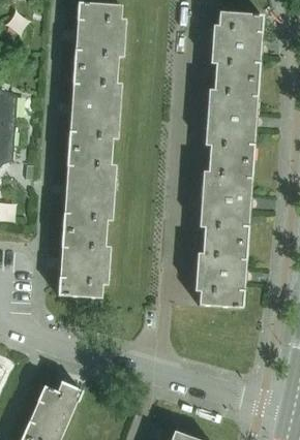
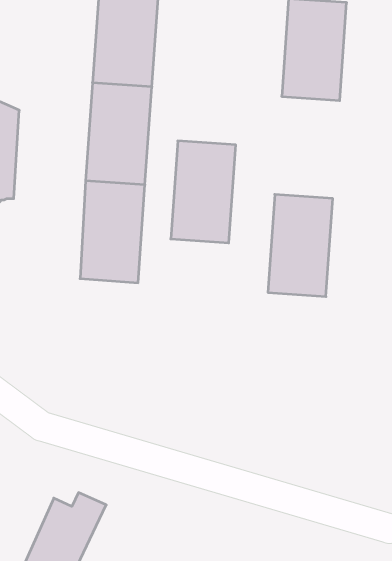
building: [209,86,258,162] -> [171,141,236,243]
building: [58,222,107,298] -> none
building: [199,232,247,308] -> none

